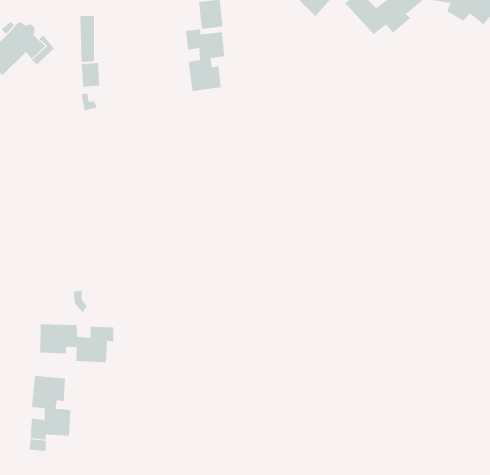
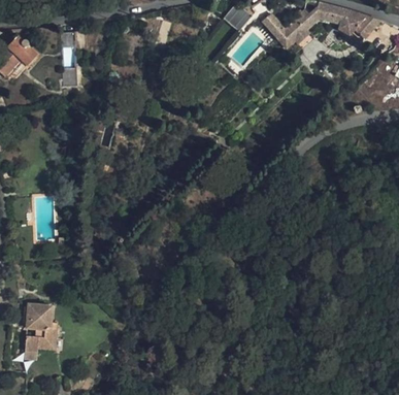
building: [185,29,225,92] -> none
building: [40,324,114,363] -> none

